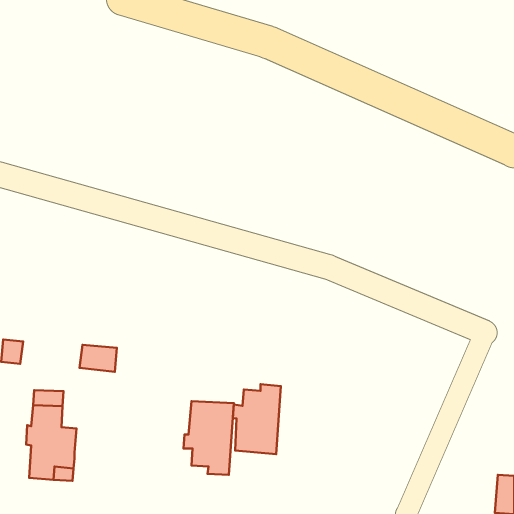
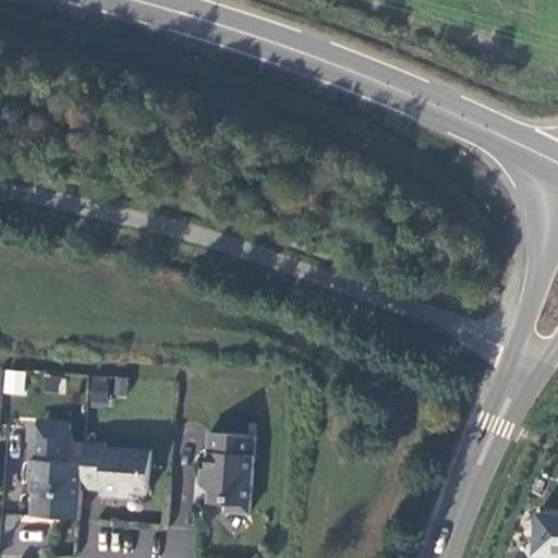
building: [233,384,281,454] -> none
building: none -> [81,444,150,498]

